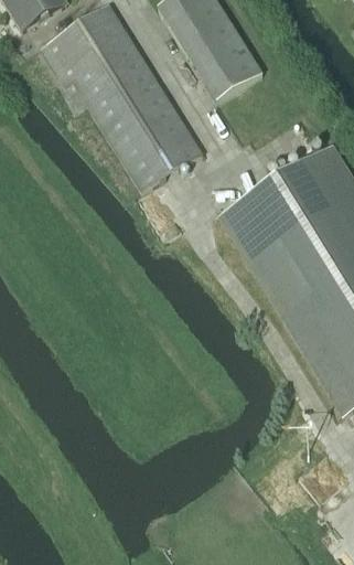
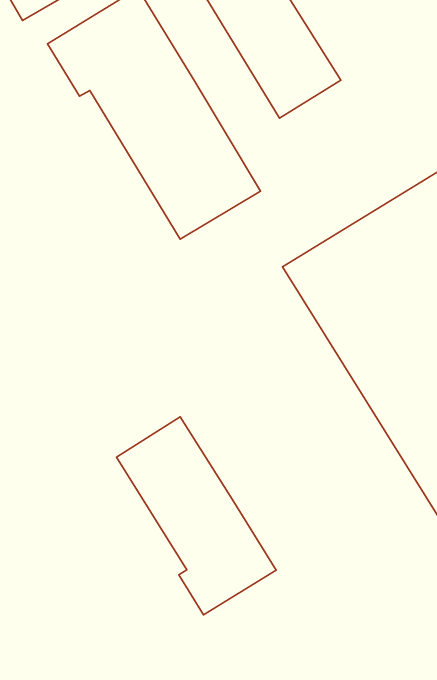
building: none -> [117,417,276,615]

